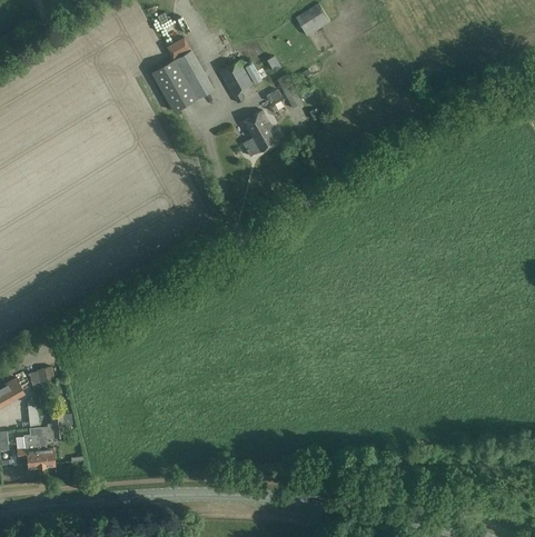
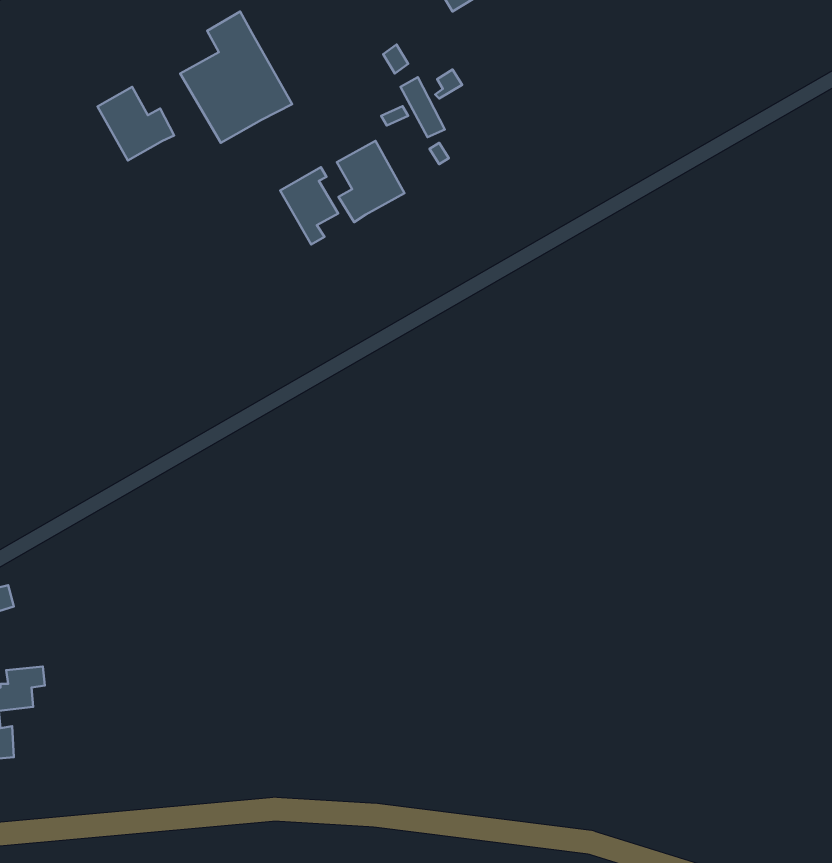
building: [219,59,252,103] -> [280,167,338,245]
building: none -> [97,87,174,160]

